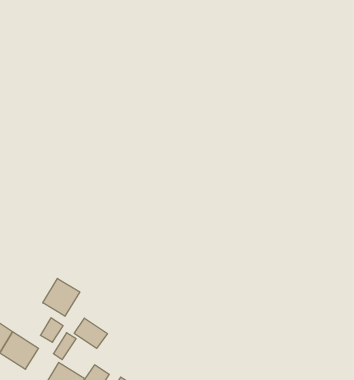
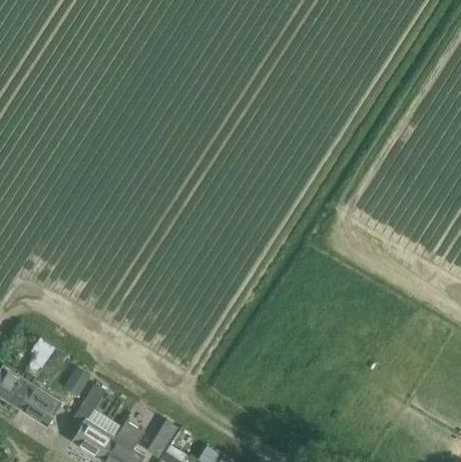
building: [43,278,80,316] -> none
building: [74,318,107,348] -> none

